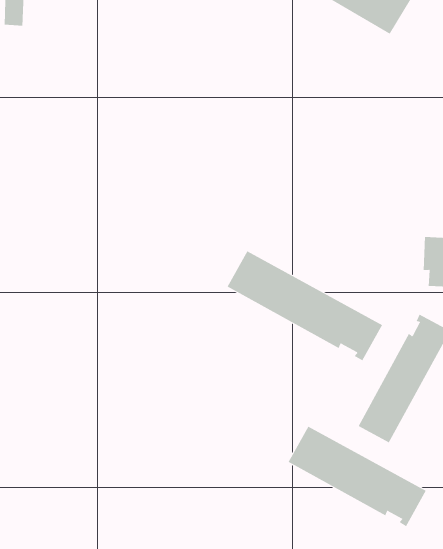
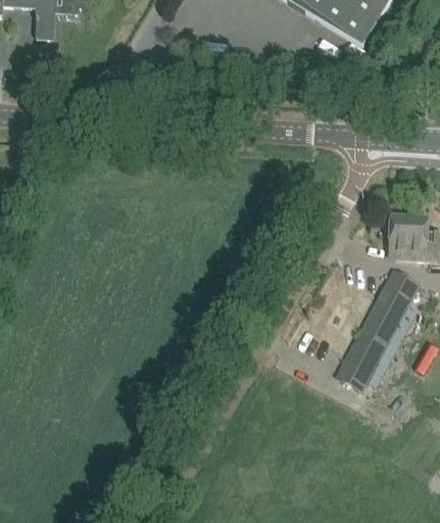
building: [227,250,383,361] -> none
building: [288,426,426,527] -> none

